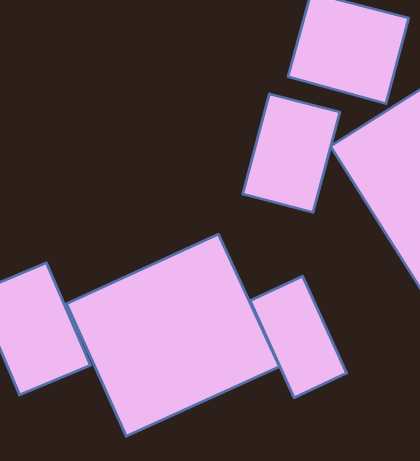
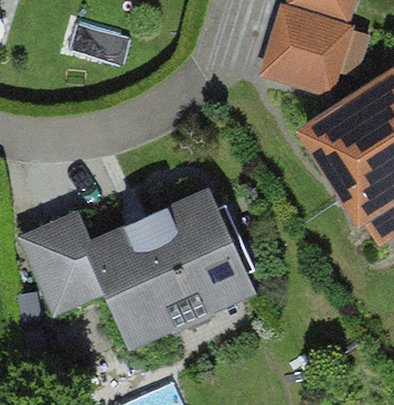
building: [243,94,340,212] -> none
building: [250,276,347,398] -> none

